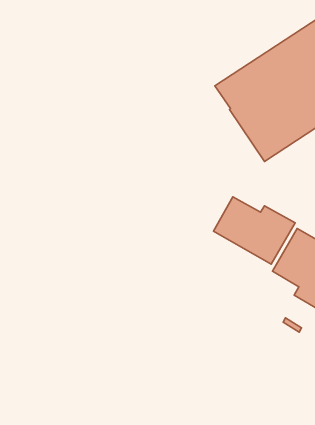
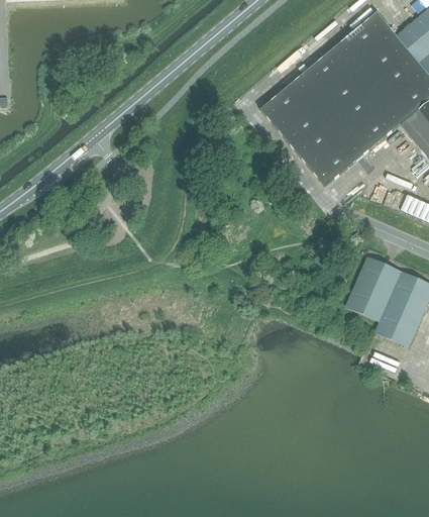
building: [214,197,295,264] -> none

